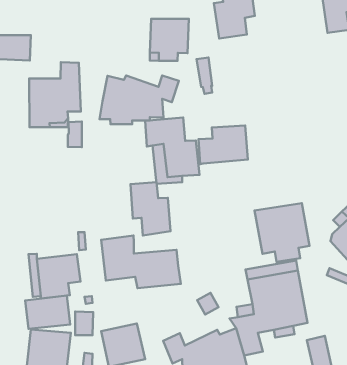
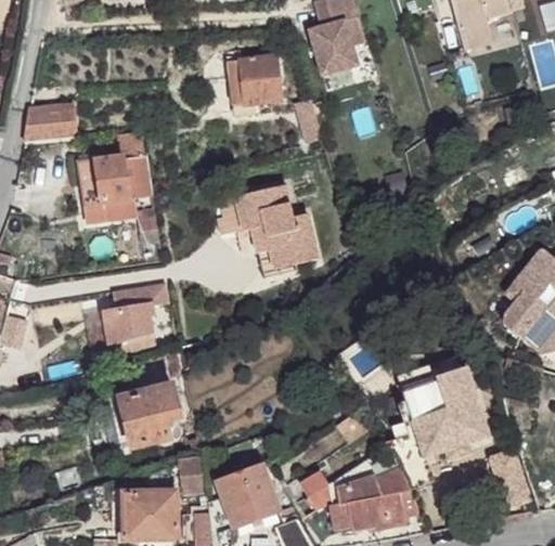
building: [100,75,179,124] -> none
building: [198,125,248,164] -> none
building: none -> [95,281,168,361]
building: [130,182,171,236] -> none
building: [254,203,310,262] -> none
building: [101,236,181,288] -> none
building: [25,296,70,329] -> none

